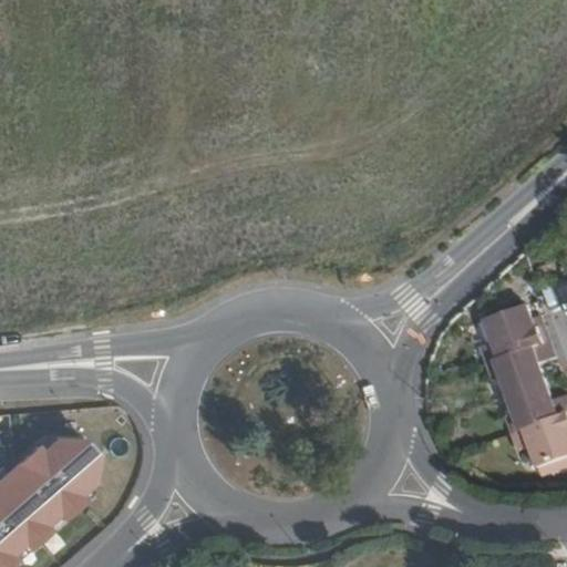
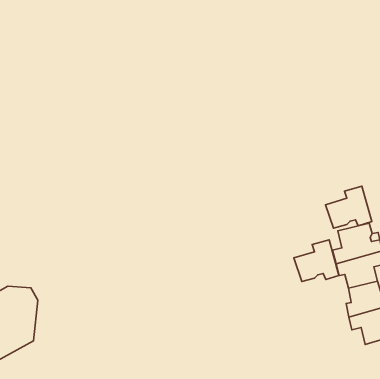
building: none -> [326,186,372,228]
building: none -> [294,240,339,282]

